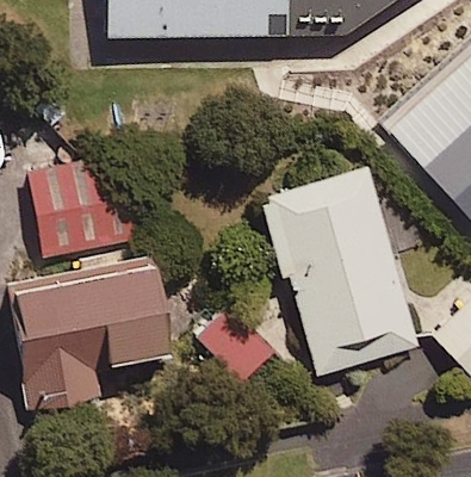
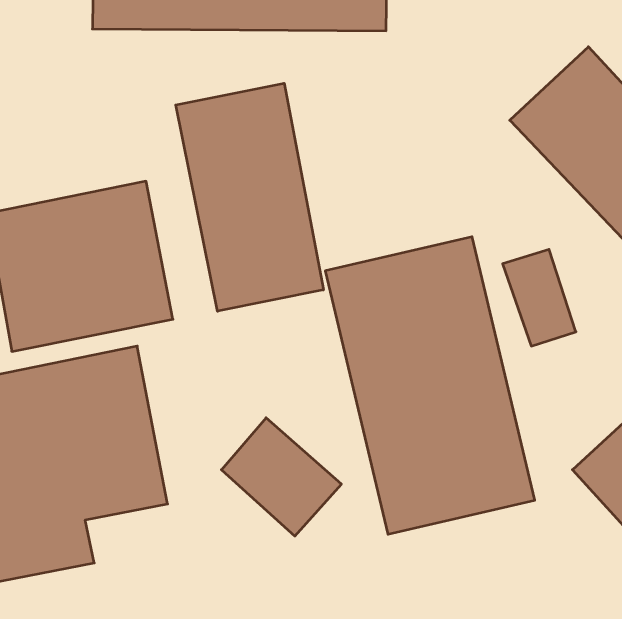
building: none -> [176,83,323,311]

